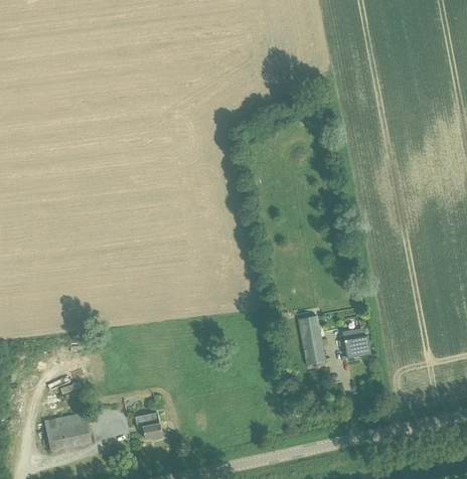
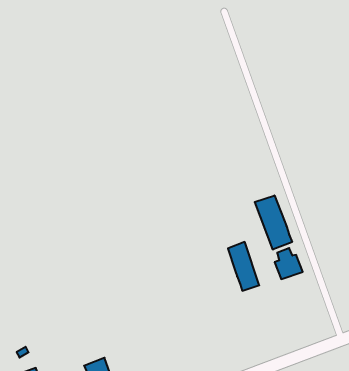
building: none -> [255,195,292,250]

